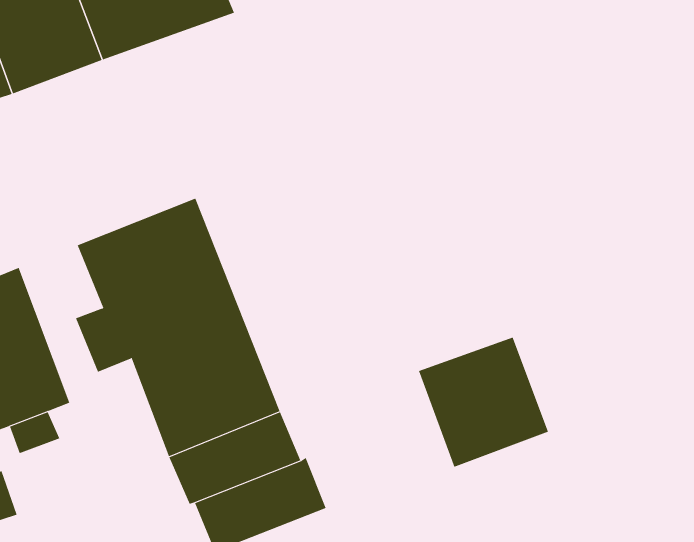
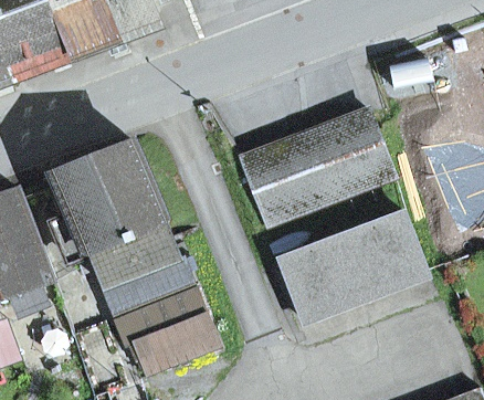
building: none -> [242,112,392,222]
building: none -> [341,211,428,297]

